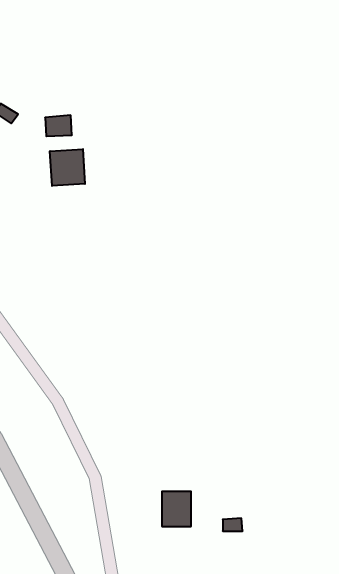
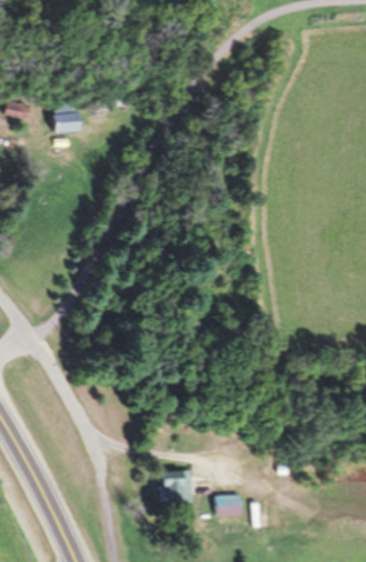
building: [50,149,85,186] -> none

